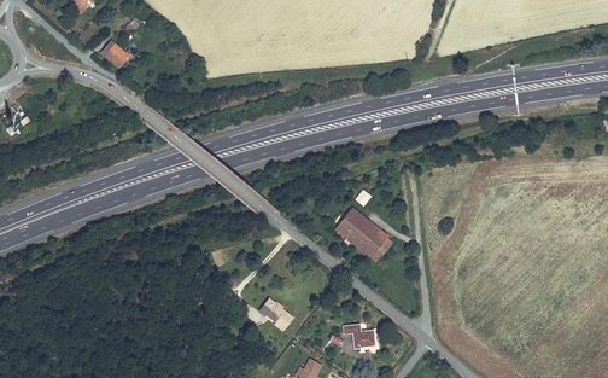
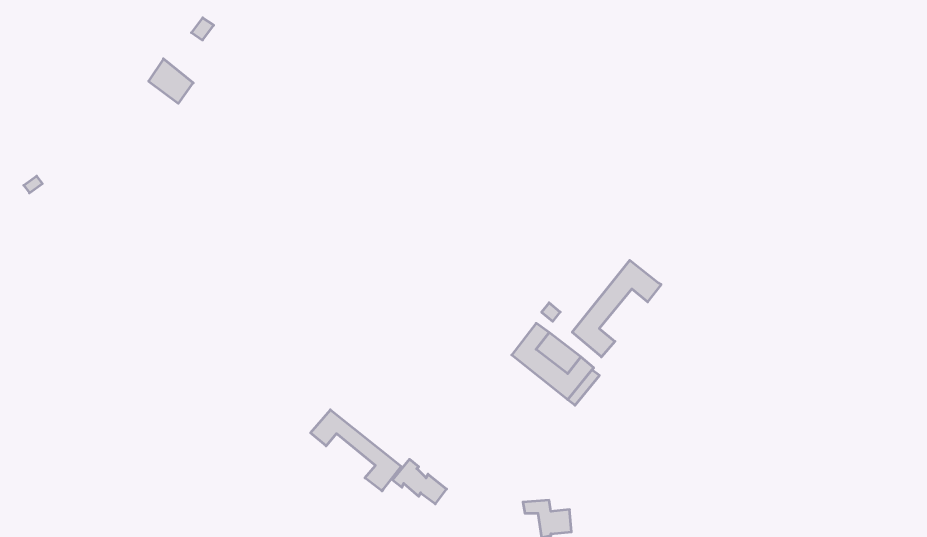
building: none -> [572,260,661,357]
building: none -> [311,410,401,491]

